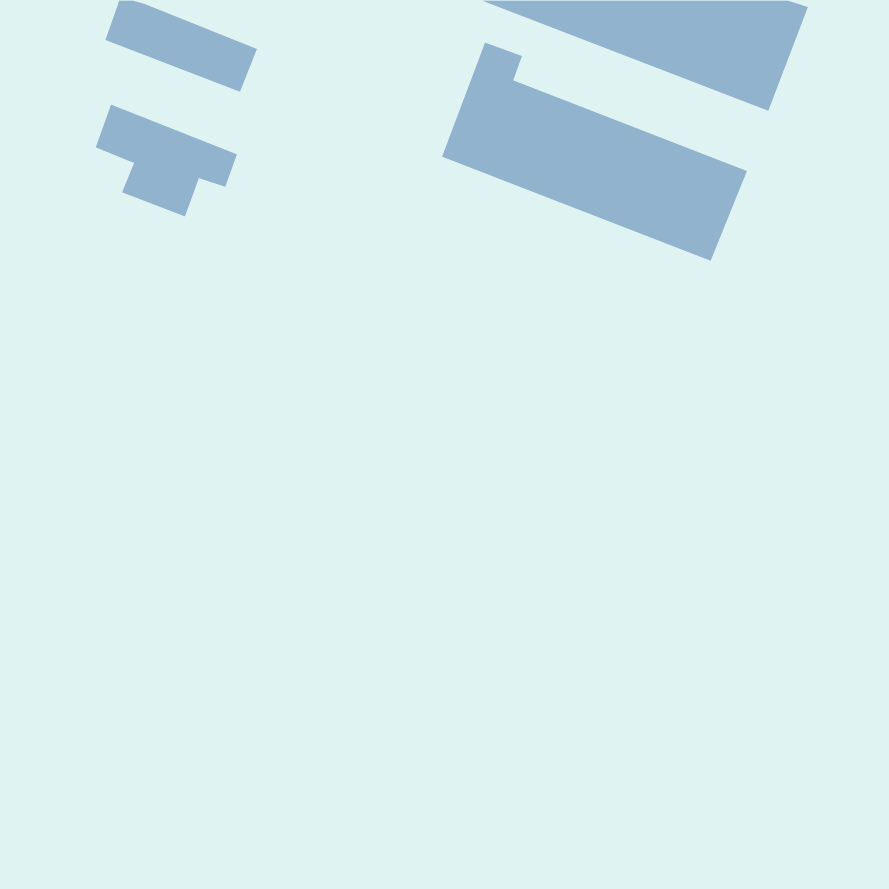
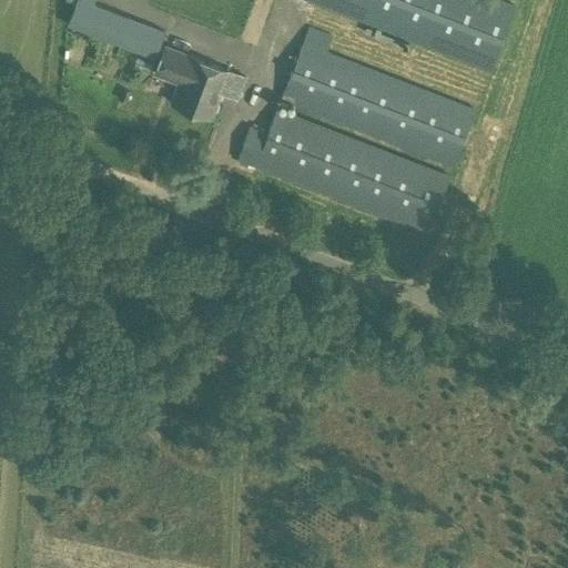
building: [95,104,238,217] -> [156,45,247,118]
building: none -> [239,112,448,231]

